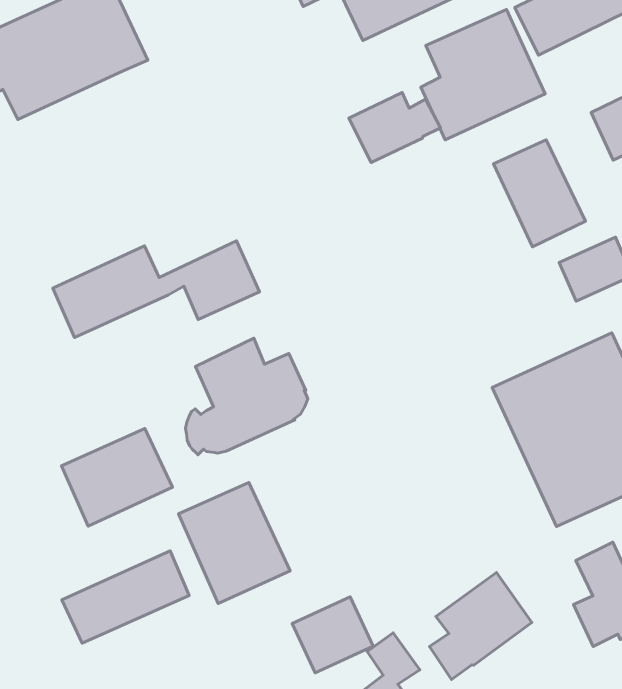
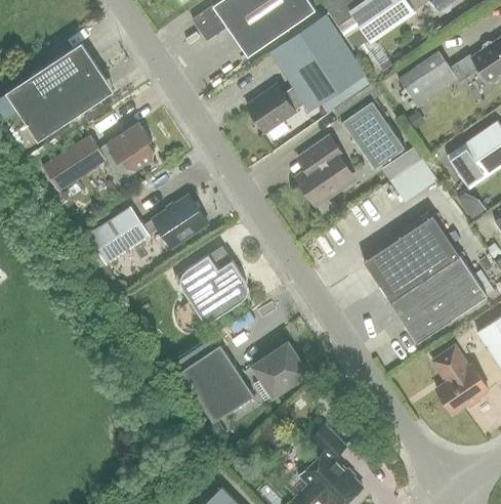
building: none -> [41,125,154,192]
building: none -> [296,137,358,206]
building: [61,428,172,526] -> none
building: [62,551,189,643] -> none
building: [429,572,532,679] -> none
building: [292,597,373,673] -> [253,344,306,395]

